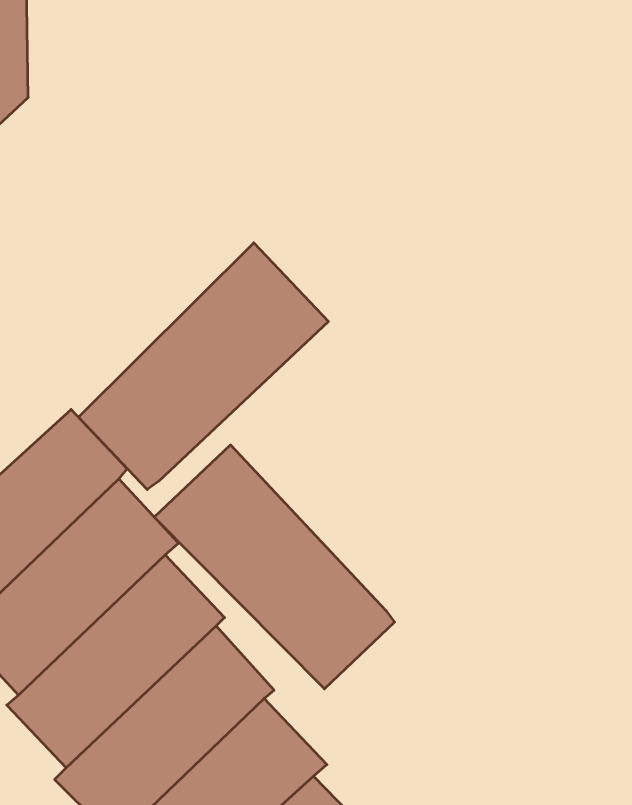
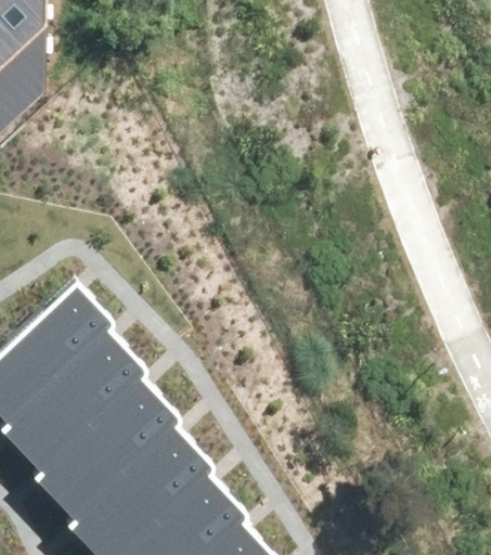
building: [78,243,328,490] -> none
building: [154,445,395,689] -> none

